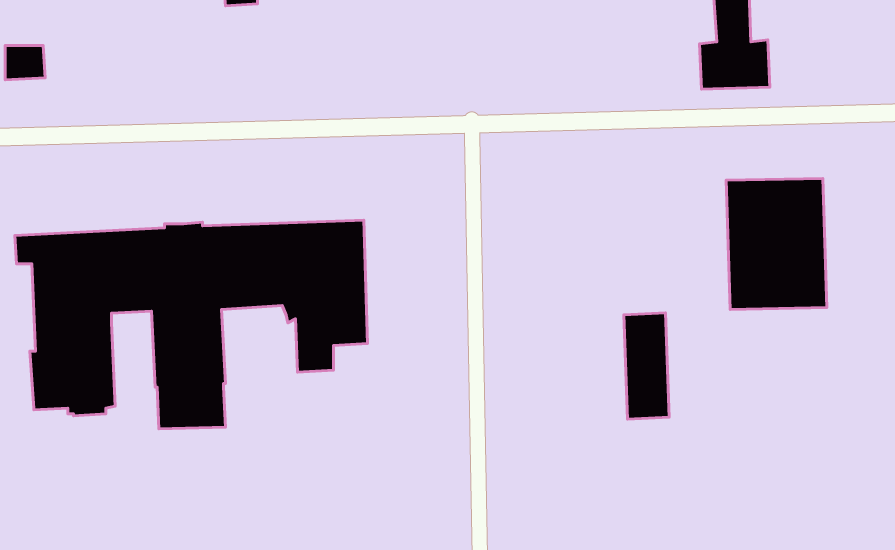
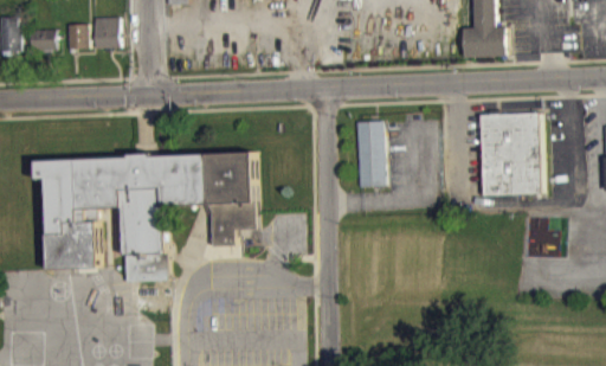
building: none -> [91,21,118,53]
building: none -> [65,28,85,53]
building: [624,313,669,419] -> [355,126,383,192]

